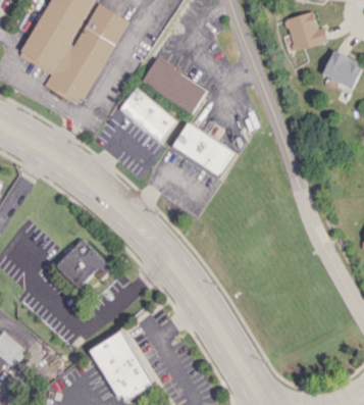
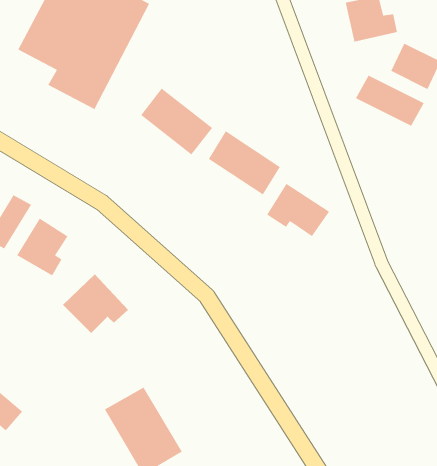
building: [142,58,207,114] -> none
building: none -> [355,75,425,127]
building: none -> [266,183,330,237]
building: none -> [16,217,68,277]

